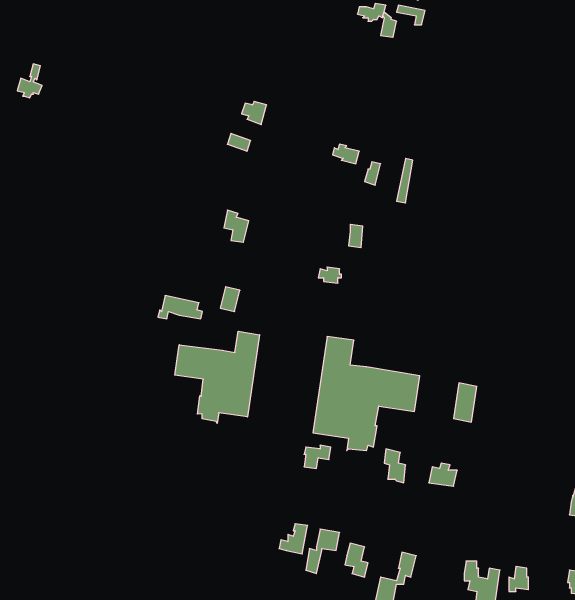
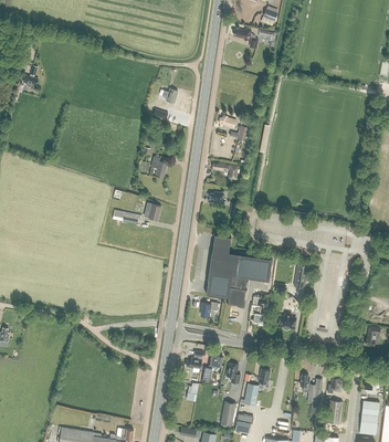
building: [175,331,260,423] -> none

